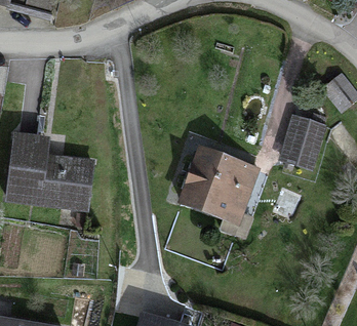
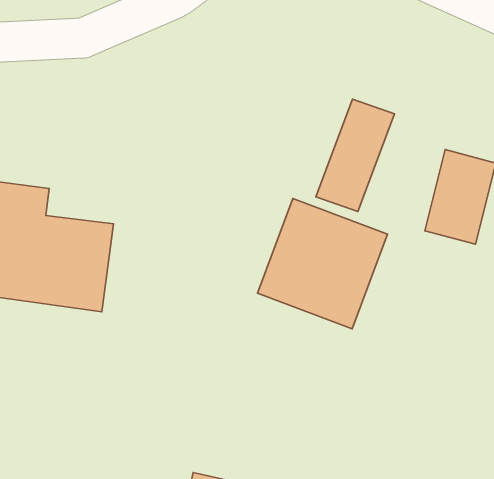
building: none -> [316,99,394,212]

